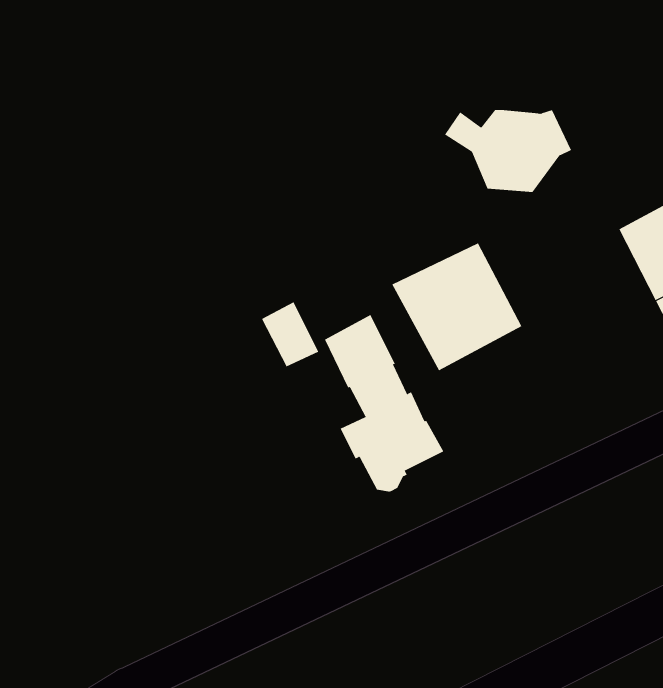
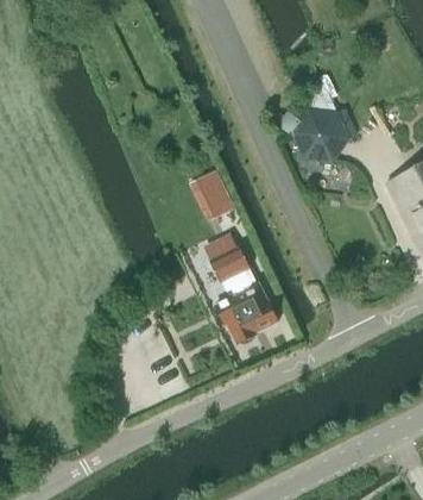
building: [391,243,522,371] -> none
building: [261,302,319,367] -> [196,169,232,210]

